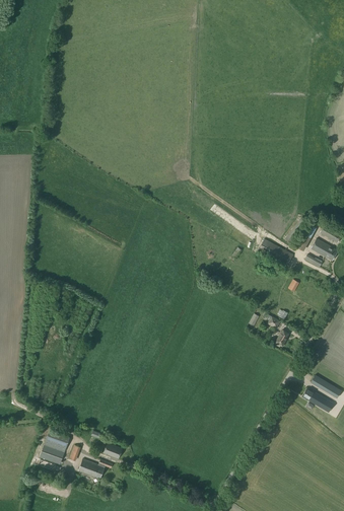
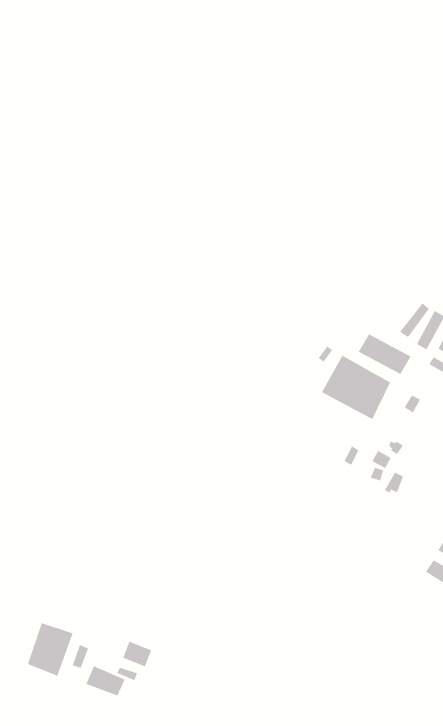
building: none -> [321,355,391,420]

